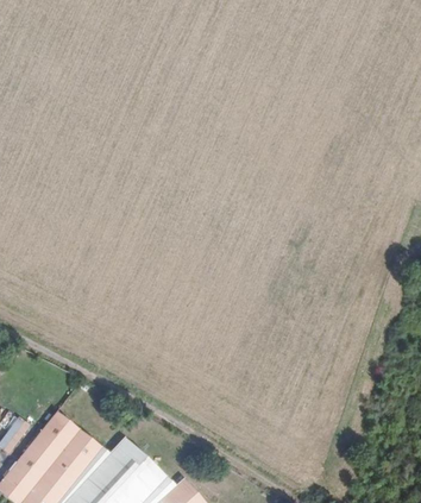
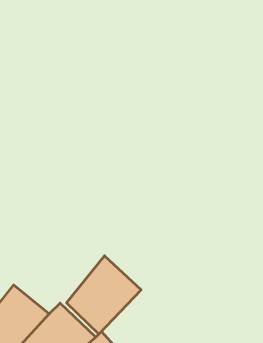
building: none -> [67,256,141,334]

